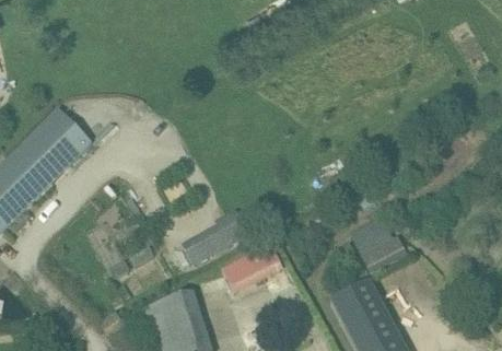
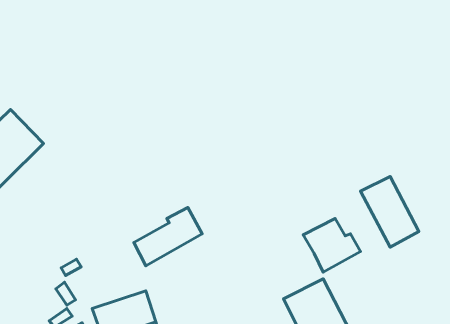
building: none -> [360,176,419,247]
building: [221,242,284,292] -> none

